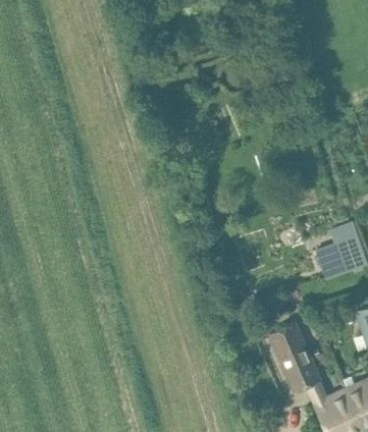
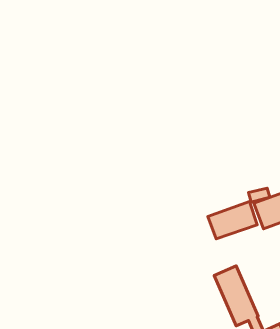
building: none -> [208,202,257,239]

